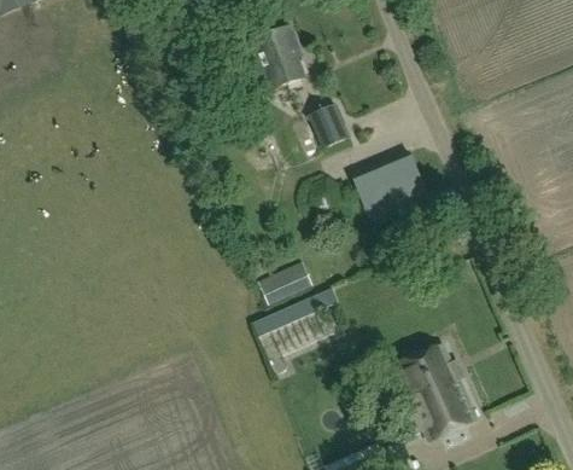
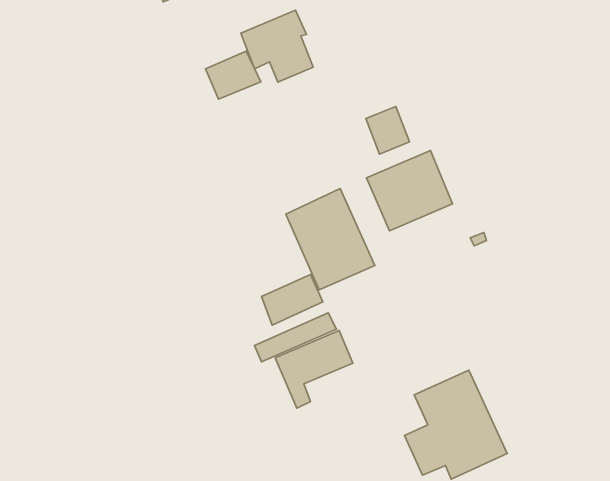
building: none -> [206,51,261,99]
building: [305,104,344,146] -> [366,106,410,154]
building: none -> [286,189,375,290]

